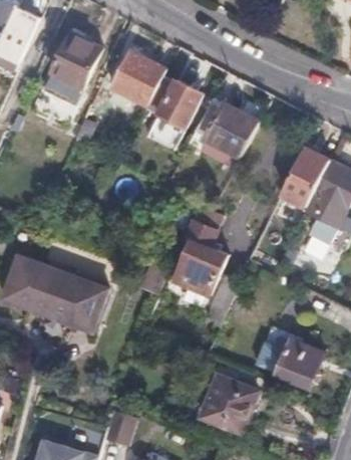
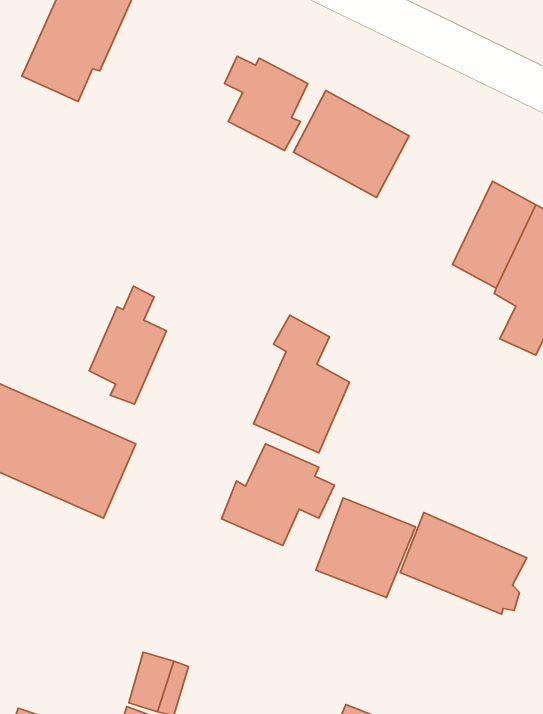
building: [113,51,165,107] -> none
building: none -> [89,286,167,404]
building: none -> [221,444,334,545]
building: [203,375,258,430] -> [316,498,415,597]

